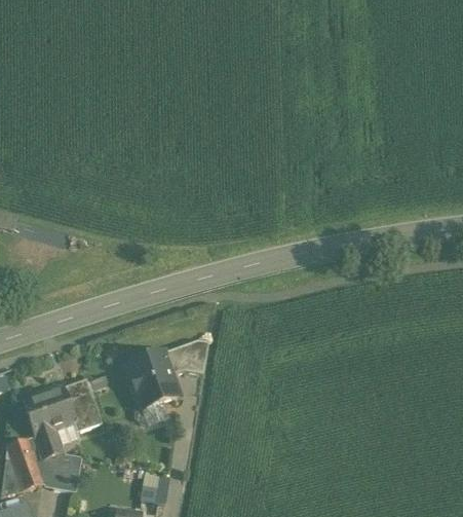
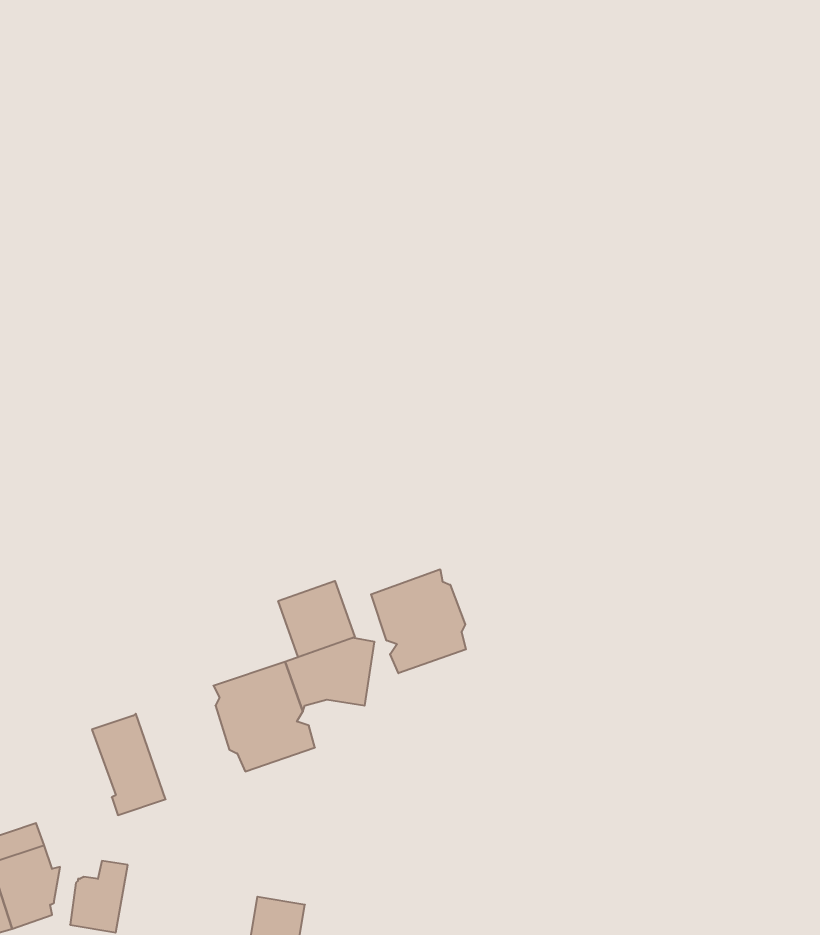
building: none -> [371,569,466,673]
building: none -> [278,581,355,657]
building: [22,386,75,458] -> none

